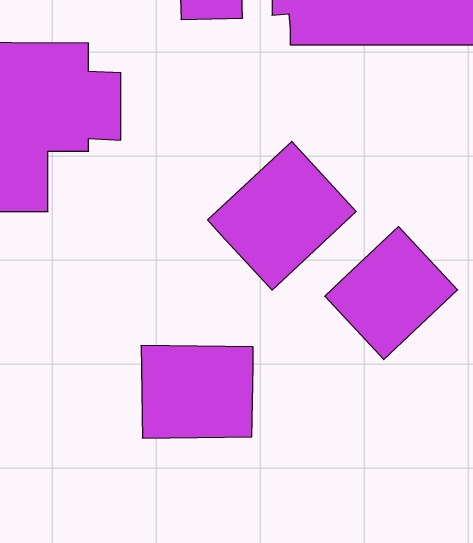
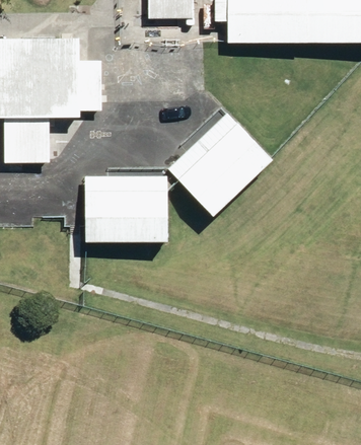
building: [325,227,458,360] -> none
building: [141,346,253,438] -> [83,174,164,241]

